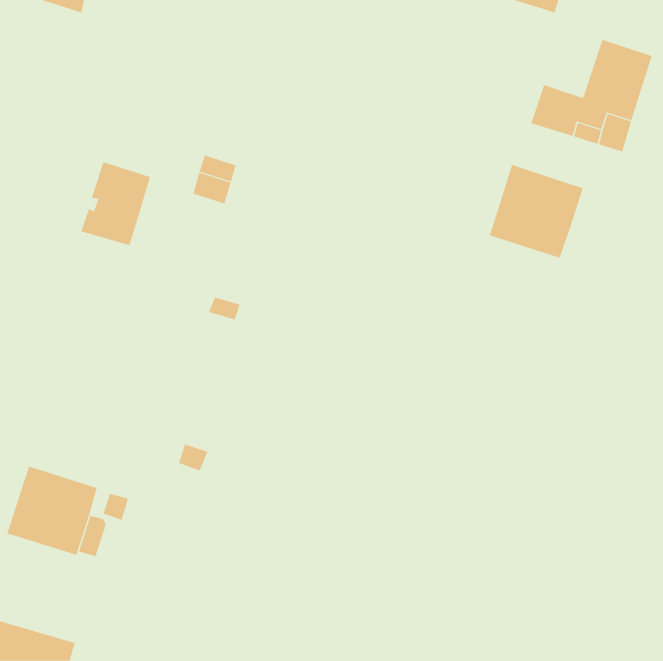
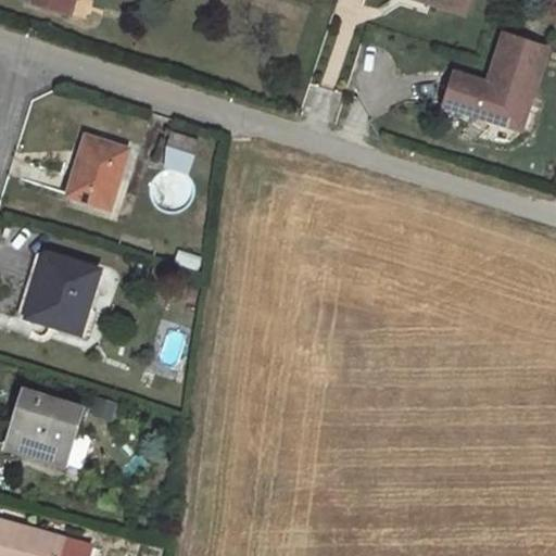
building: [489,164,583,259] -> none
building: none -> [27,252,99,330]

